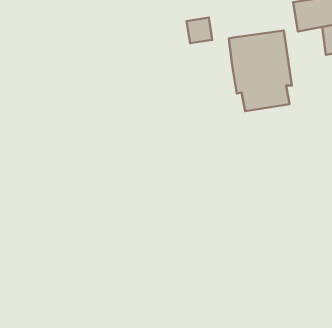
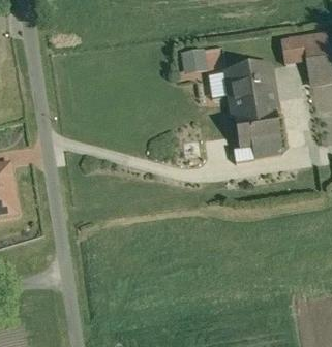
building: none -> [233,126,280,157]

